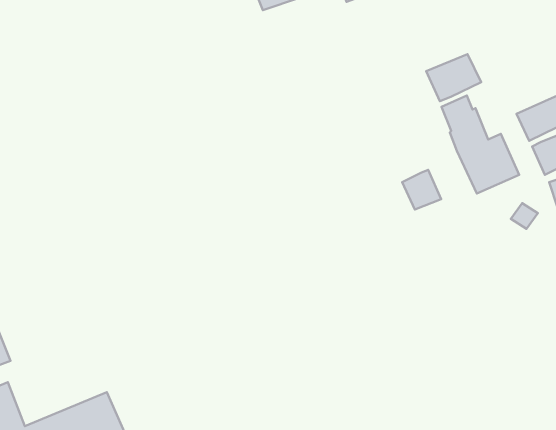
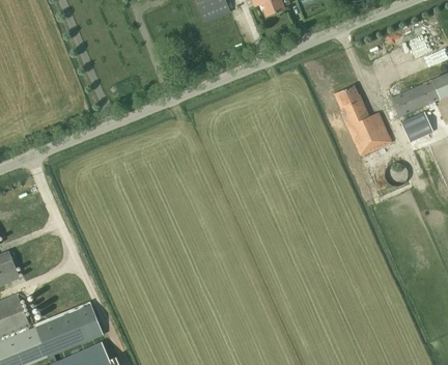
building: [426,54,481,101] -> none
building: [402,170,441,210] -> none

